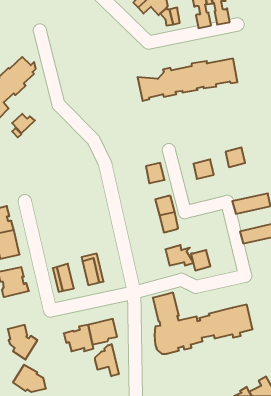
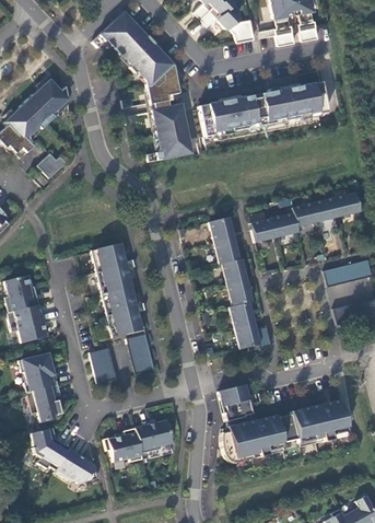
building: none -> [94,16,180,104]
building: none -> [148,106,191,162]
building: none -> [335,191,361,217]
building: none -> [292,202,318,226]
building: none -> [251,218,277,243]
building: none -> [215,239,241,264]
building: none -> [93,242,147,337]
building: [191,250,210,270] -> [231,302,256,328]
building: none -> [28,382,63,420]
building: [95,344,119,376] -> none
building: [13,365,46,392] -> [57,445,99,480]

